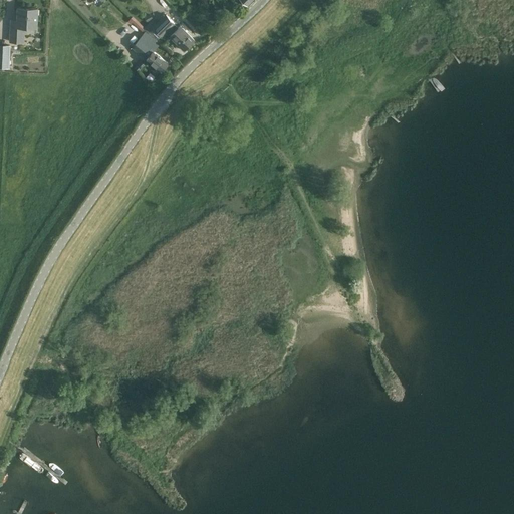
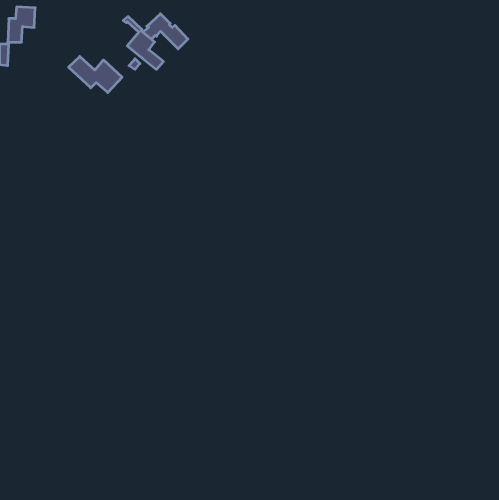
building: none -> [69,56,122,93]

